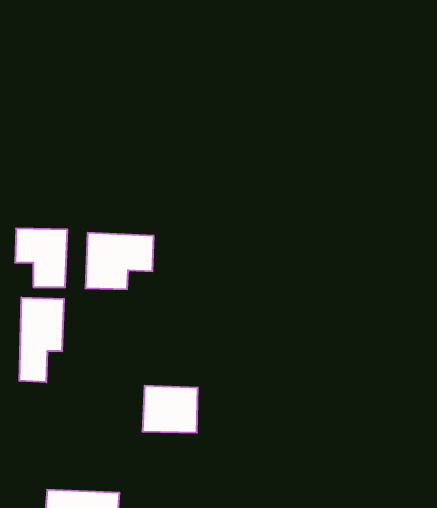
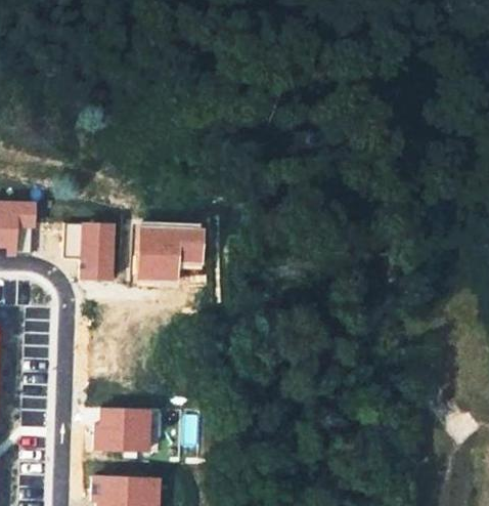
building: [19,297,64,382] -> none
building: [142,386,198,433] -> [94,408,147,453]

